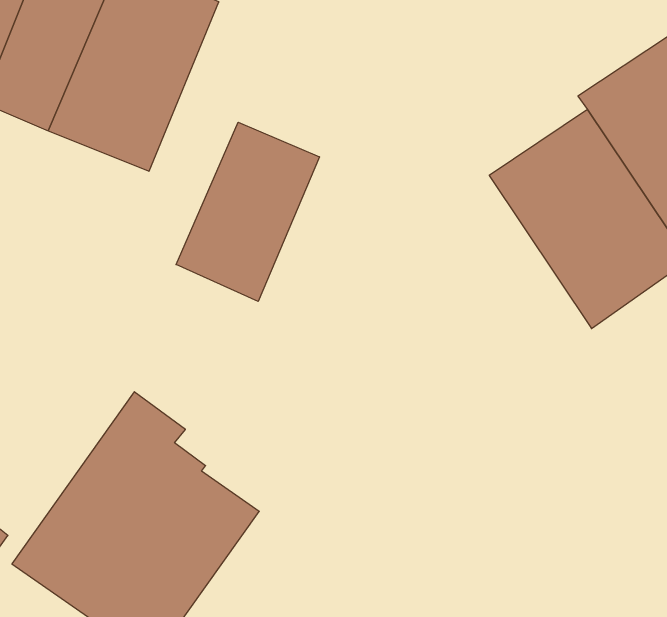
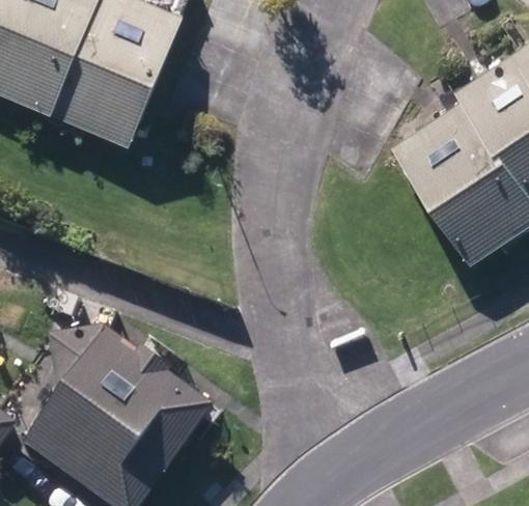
building: [176,122,319,301] -> none

